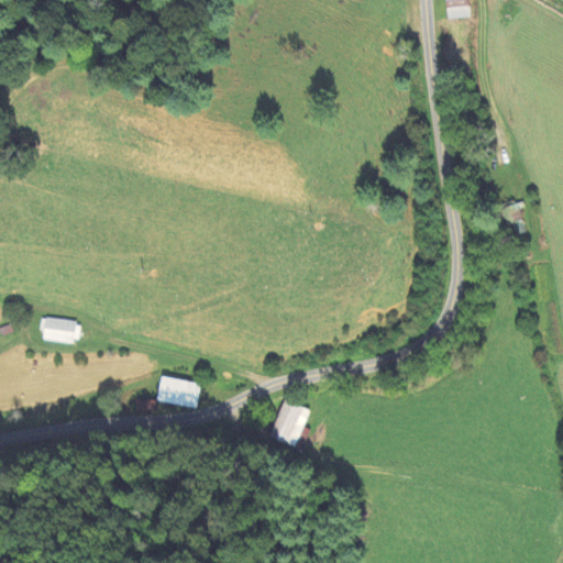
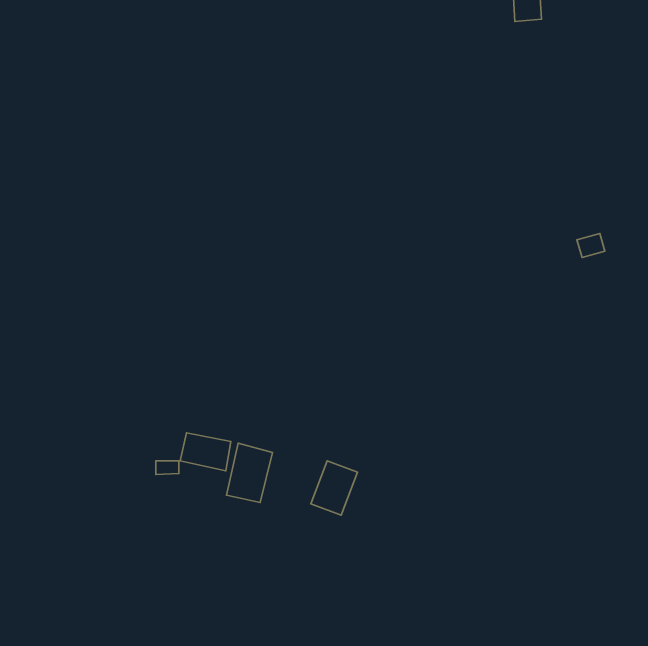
building: [43,318,79,341] -> none
building: none -> [227,443,272,503]

